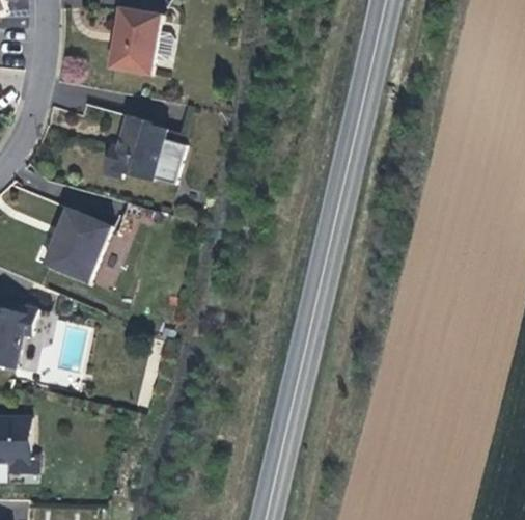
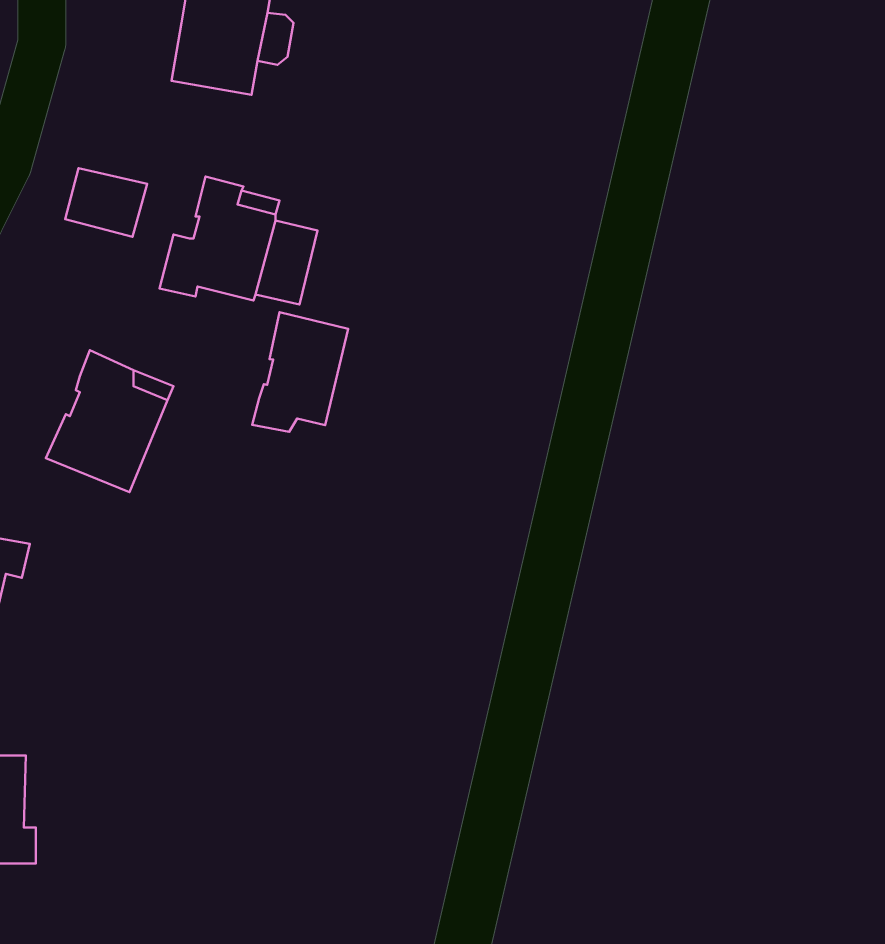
building: none -> [65,168,147,237]
building: none -> [252,312,348,432]

